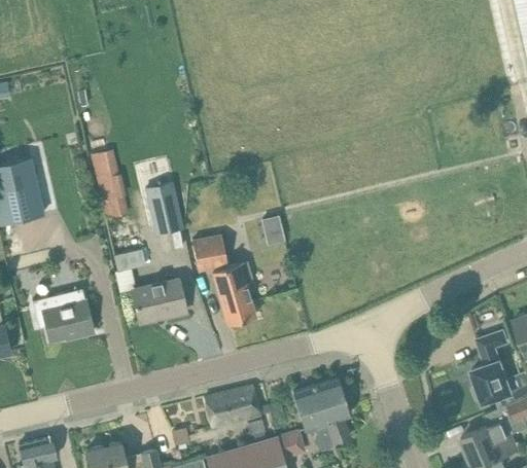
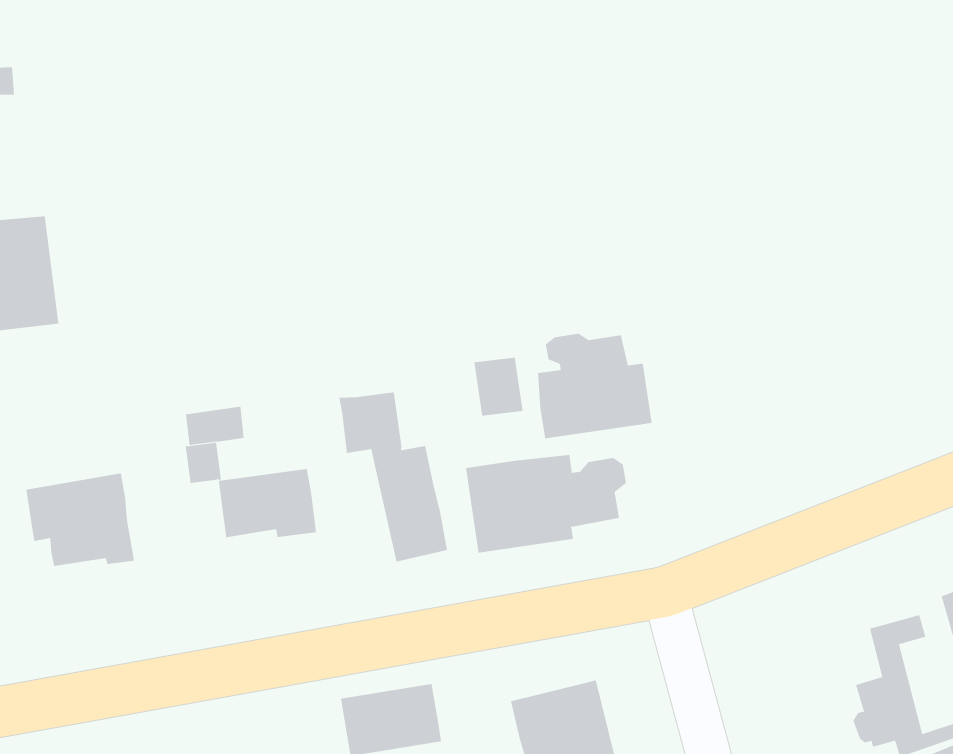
building: [91,150,128,219] -> none
building: [145,183,182,237] -> none
building: none -> [538,333,652,439]
building: none -> [466,454,627,554]

